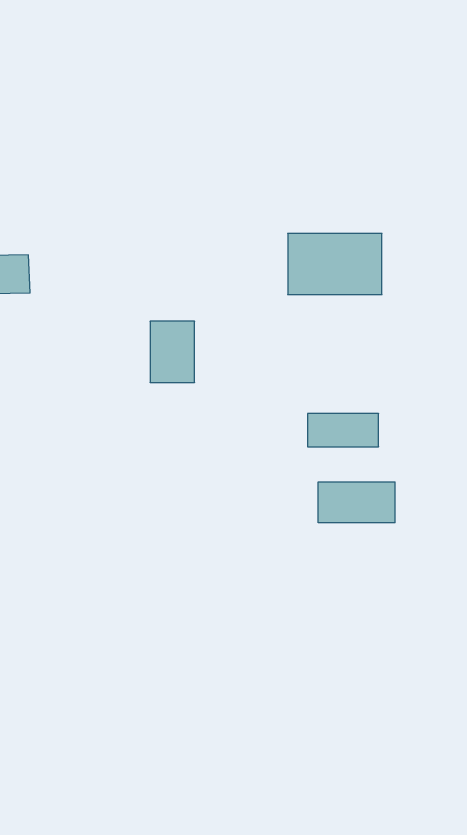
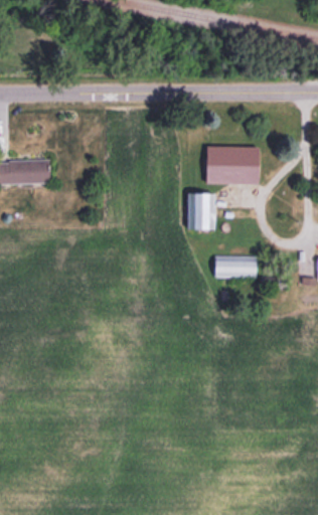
building: [150,321,195,382] -> [187,193,214,230]
building: [318,482,395,523] -> none

